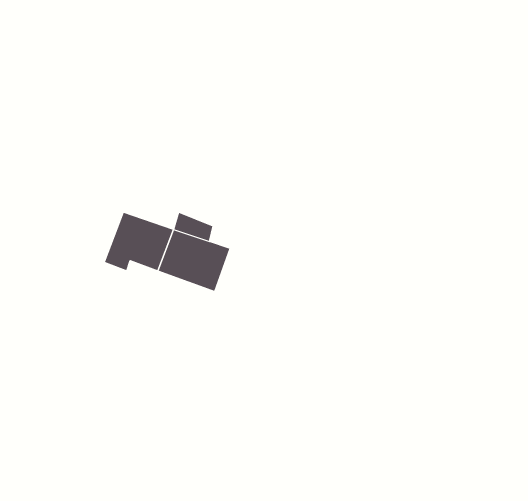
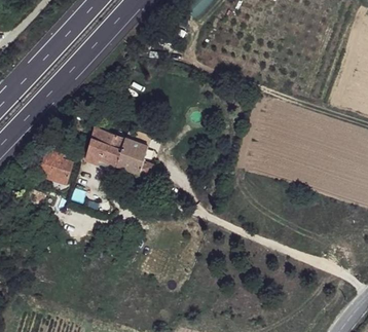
building: none -> [38,151,71,184]

